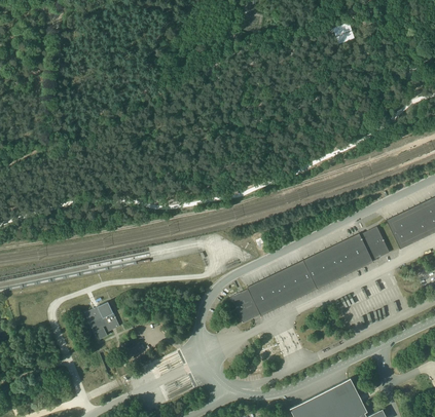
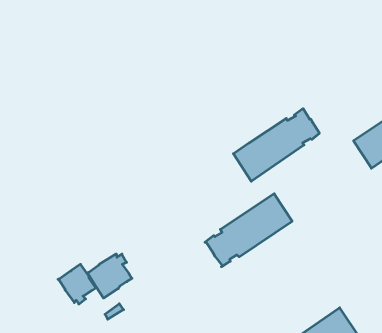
building: [303,227,389,290] -> [233,109,319,181]
building: none -> [87,254,132,298]

